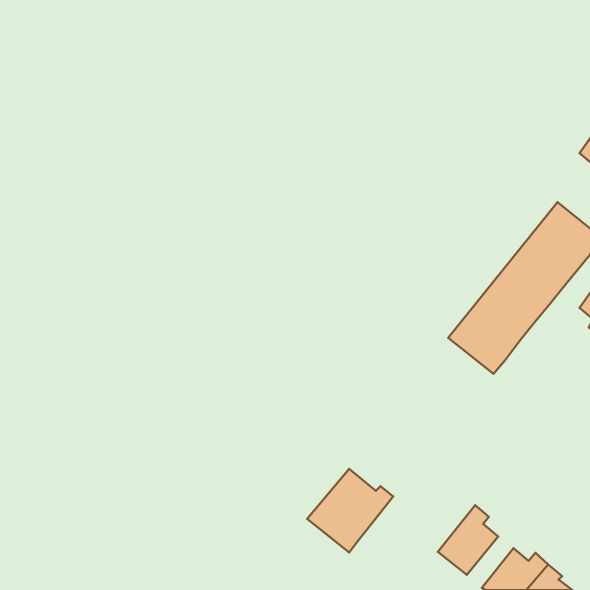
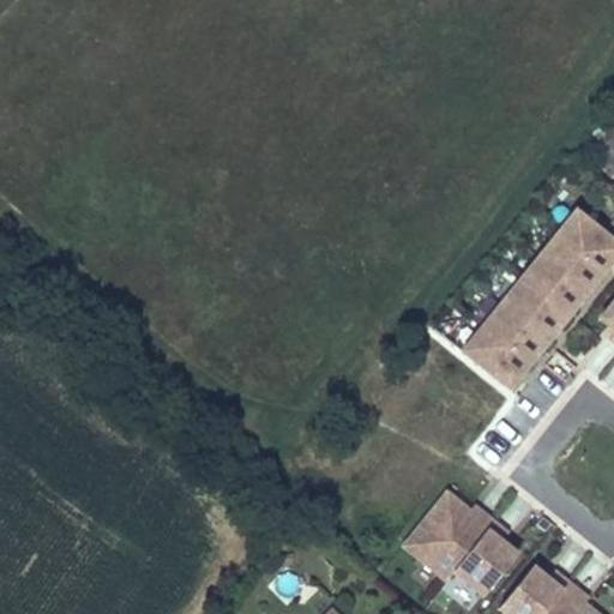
building: [307,469,393,552] -> [405,493,494,579]

